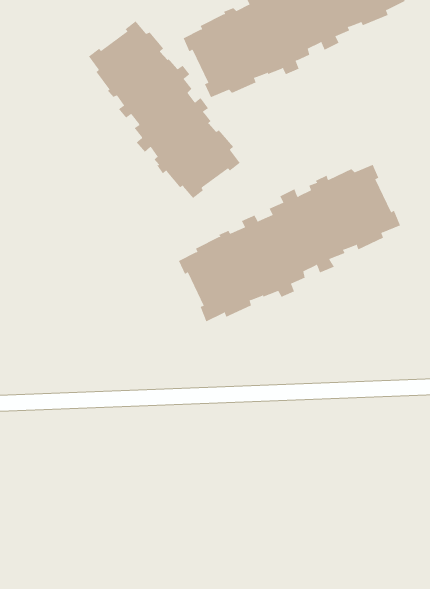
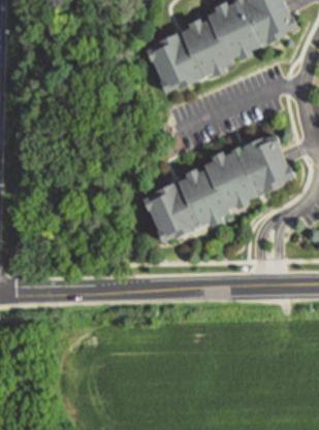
building: [88,21,240,199] -> none

